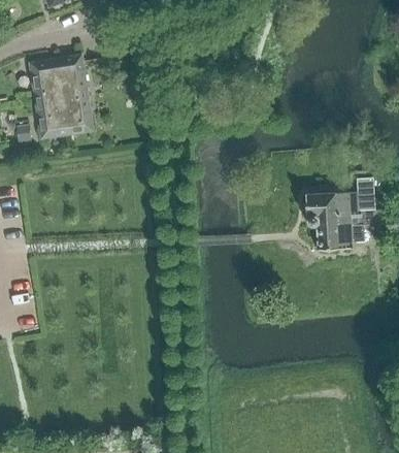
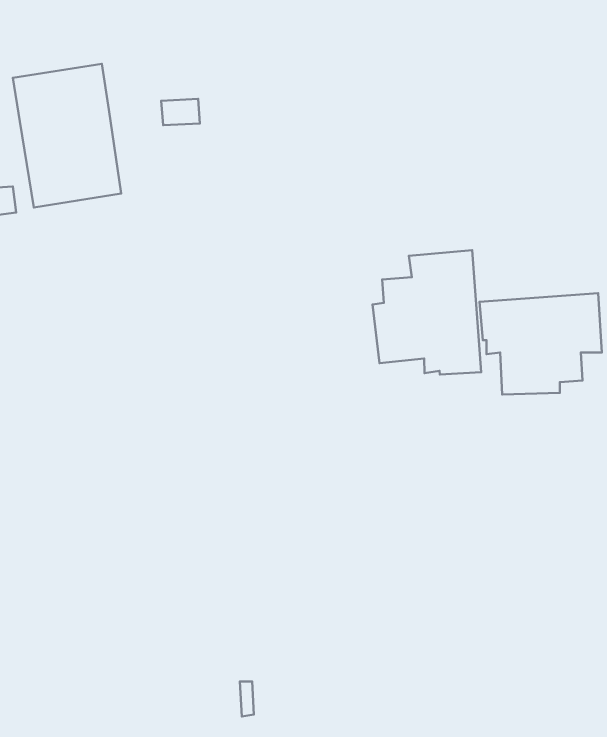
building: none -> [373,250,481,374]

